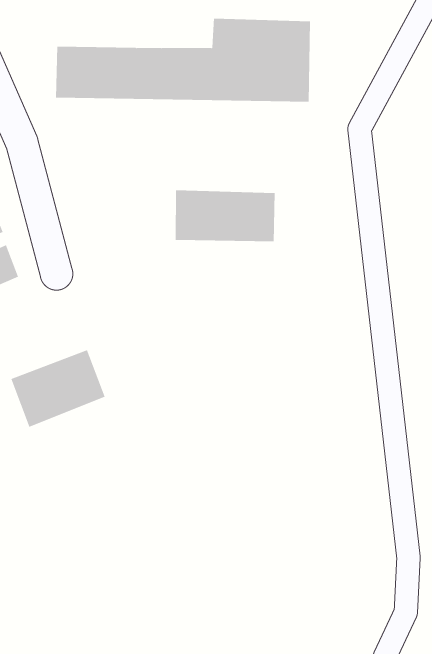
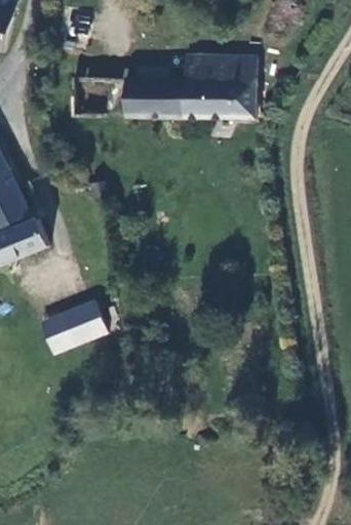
building: [175,189,275,242] -> none

